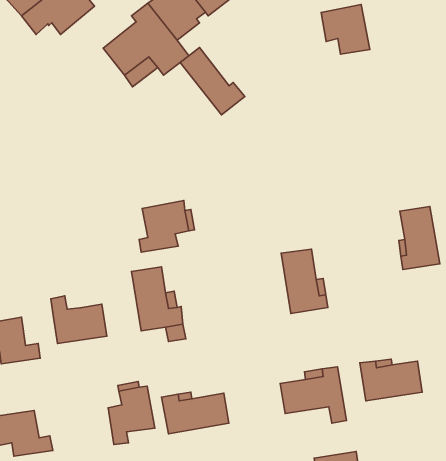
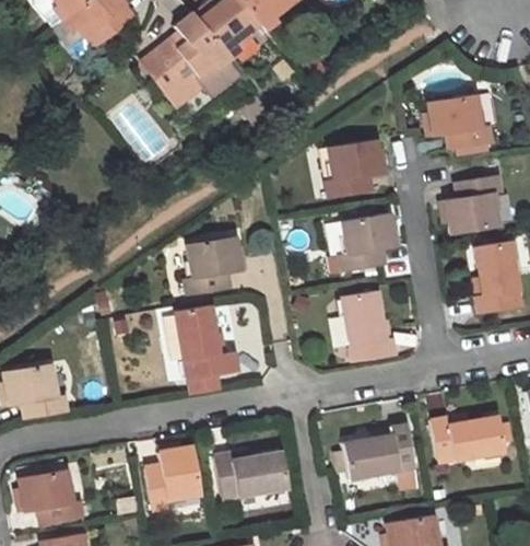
building: [321,5,370,54] -> [429,94,484,150]
building: [180,48,245,115] -> none
building: none -> [329,140,382,198]
building: none -> [446,175,502,232]
building: none -> [341,211,396,271]
building: [51,296,107,344] -> none

